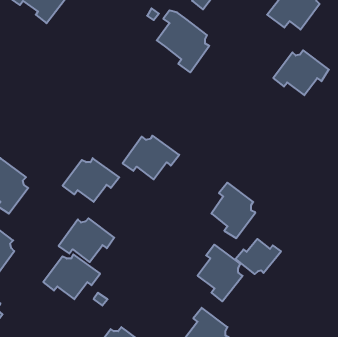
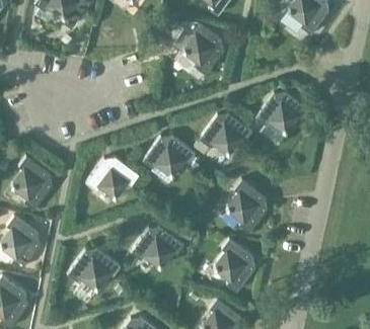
building: [273,50,329,95] -> [255,91,308,134]
building: none -> [193,113,252,156]
building: [59,218,114,262] -> [131,227,183,268]
building: [236,239,281,274] -> none

